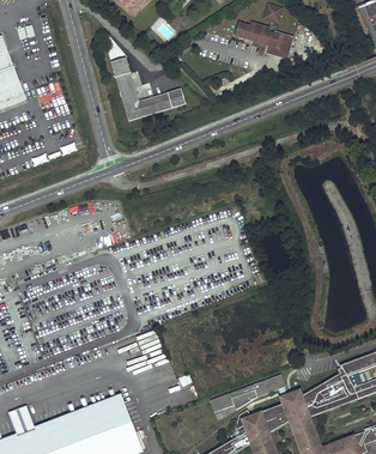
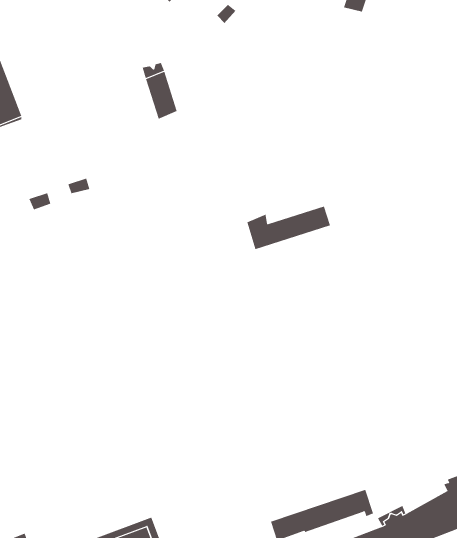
building: [238,20,293,57] -> none
building: [126,87,188,120] -> [247,206,331,250]

